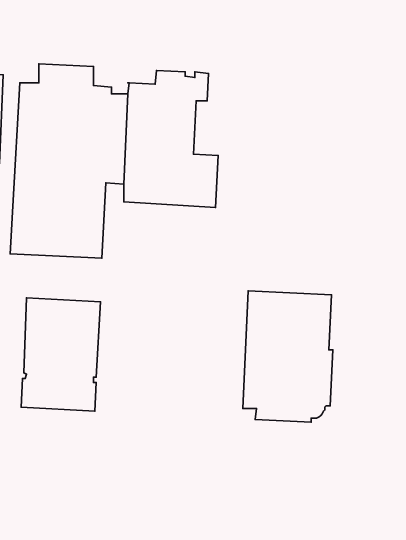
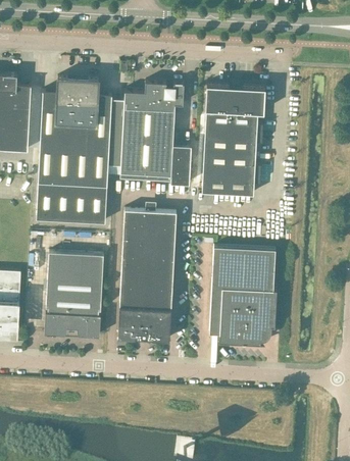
building: none -> [201,86,264,195]
building: none -> [117,209,177,341]

